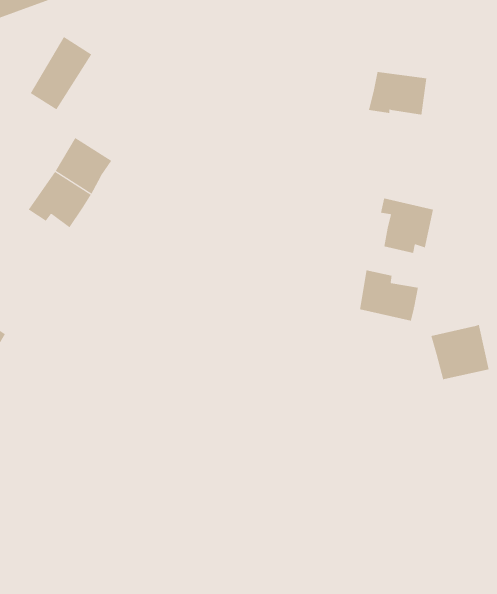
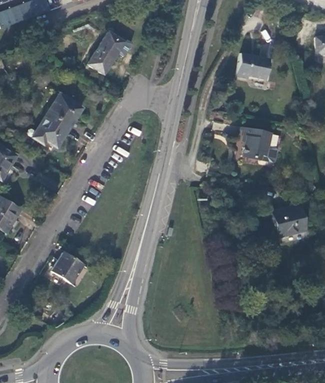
building: [30,36,92,110] -> [88,29,125,73]
building: [360,269,418,321] -> none
building: none -> [52,251,84,283]

